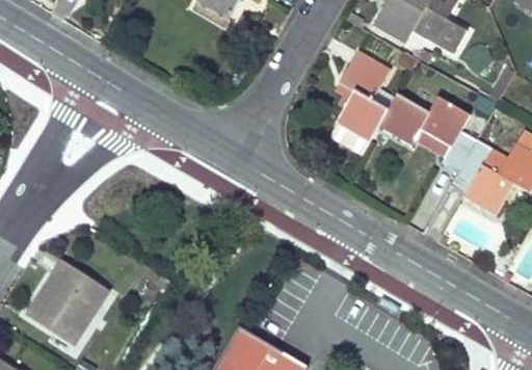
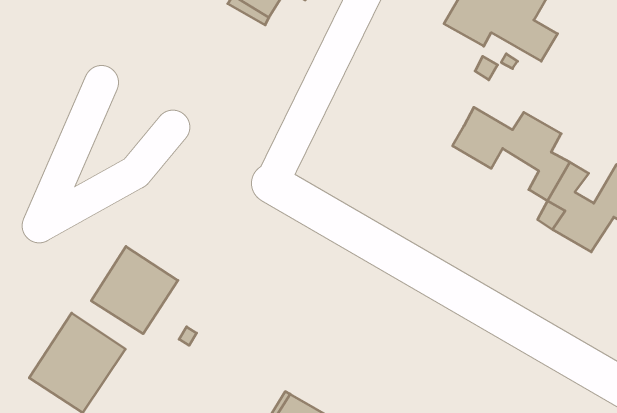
building: [338,49,391,141] -> none
building: none -> [91,246,178,334]

